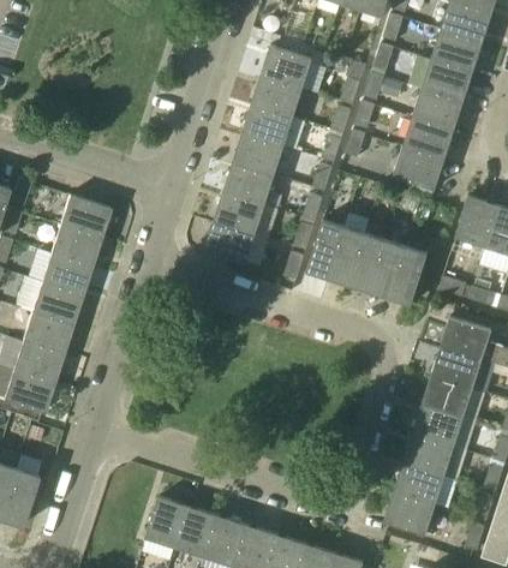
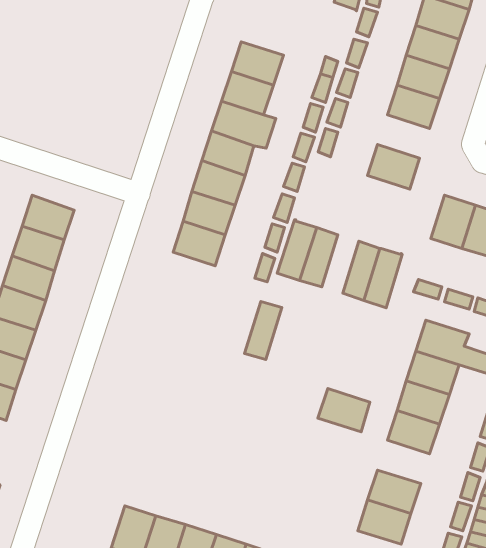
building: [402,118,453,160] -> none
building: [348,234,384,291] -> [245,301,282,360]
building: [402,434,453,476] -> [318,388,370,432]

